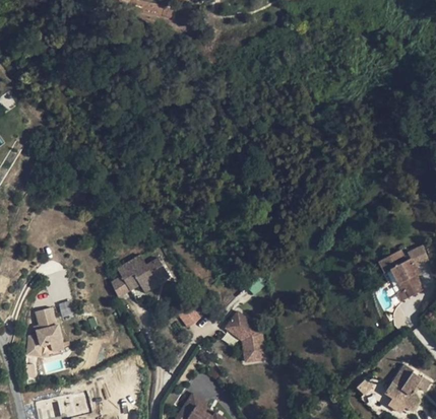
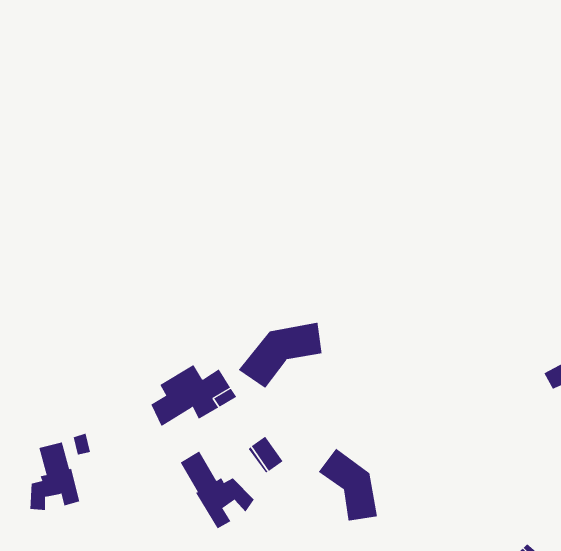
building: none -> [238,322,322,389]
building: none -> [180,450,254,529]

